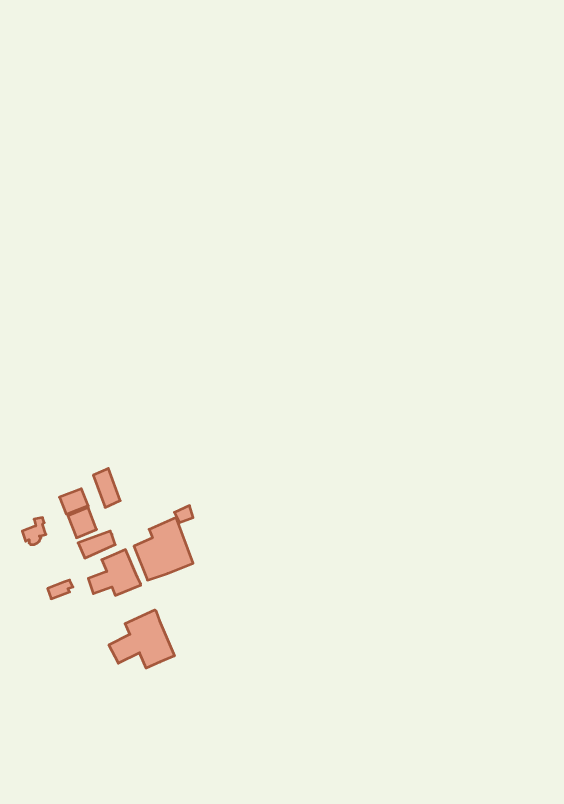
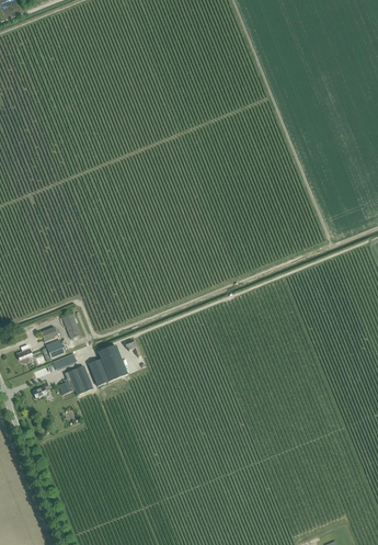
building: [109,610,174,668] -> none

